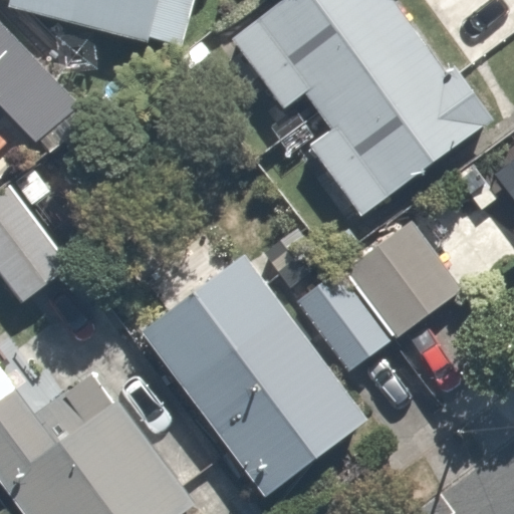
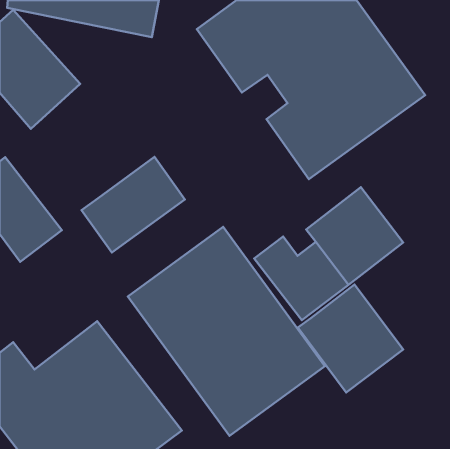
building: none -> [82,157,185,253]
building: none -> [298,284,403,392]

